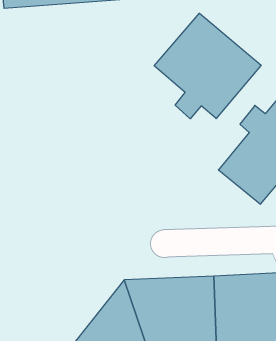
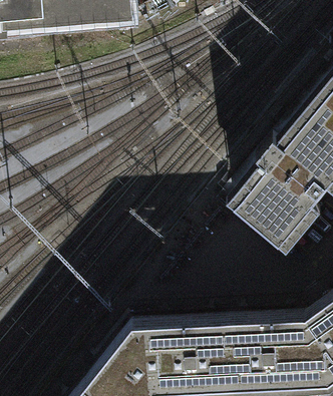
building: [154,13,261,119] -> none

